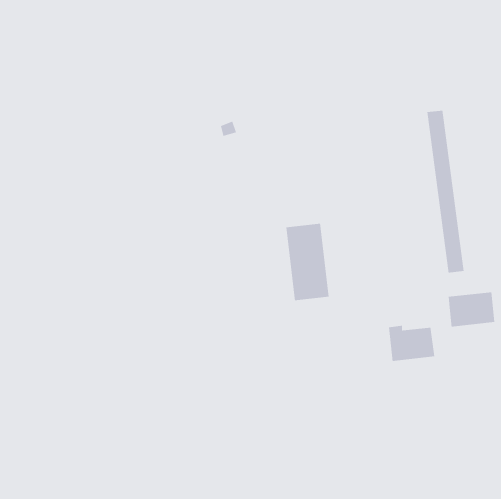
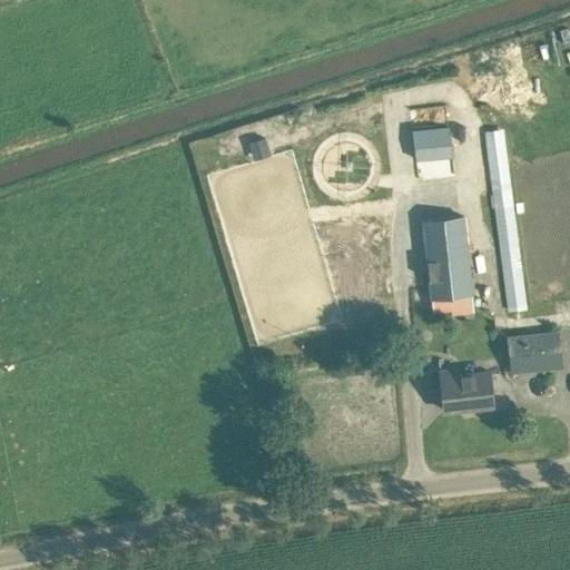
building: none -> [413,127,451,153]
building: [285,223,330,301] -> [424,224,474,312]

